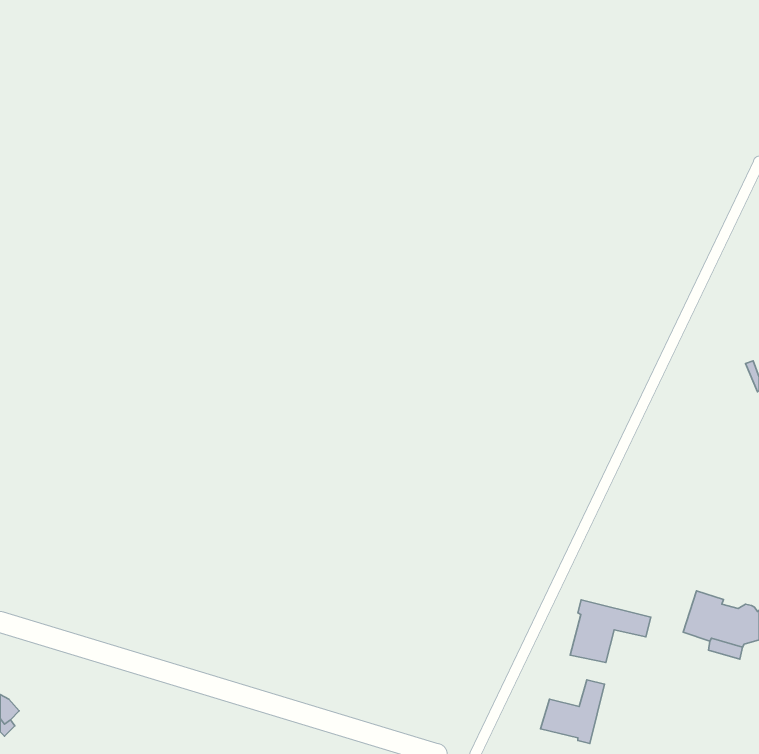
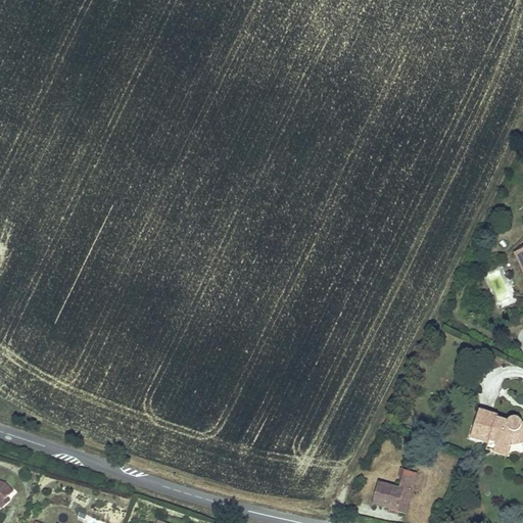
building: [570,600,651,663] -> none

